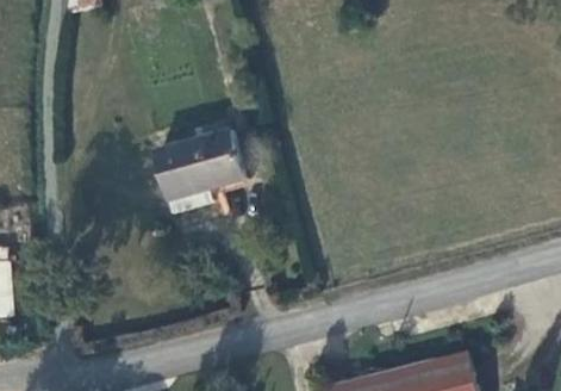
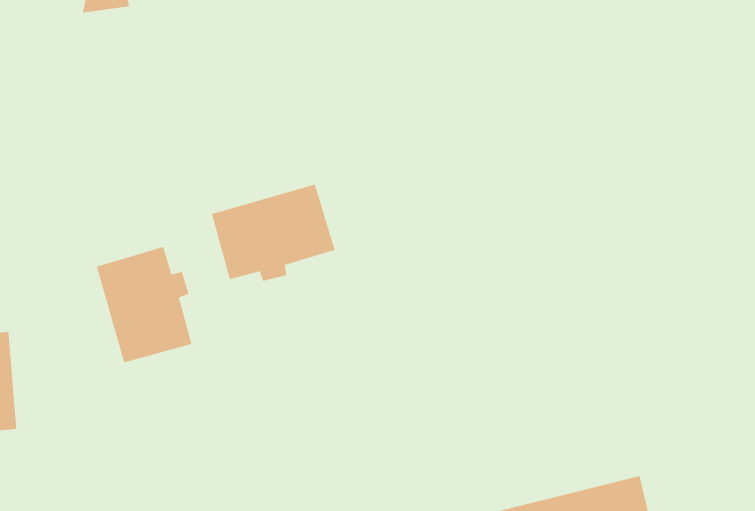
building: none -> [96,246,192,363]

